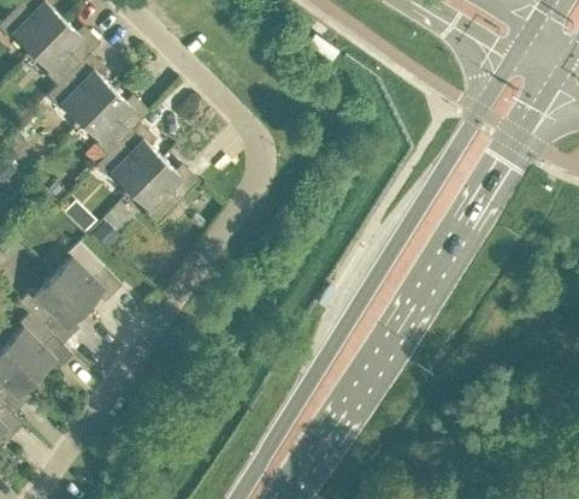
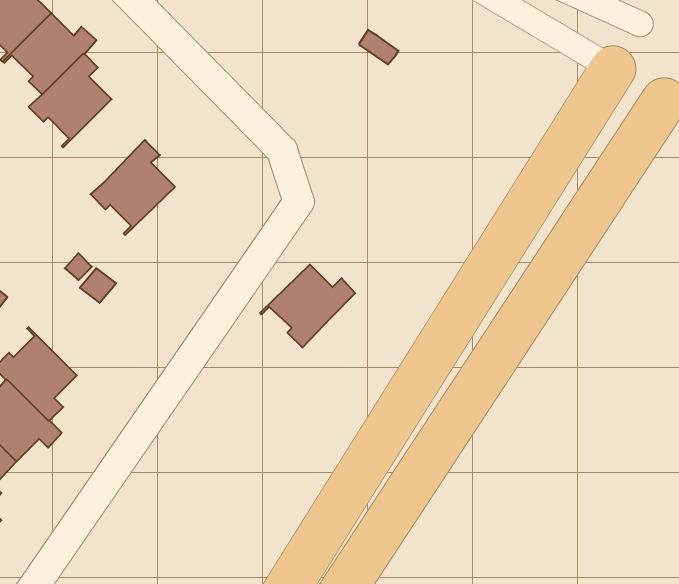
building: [73,90,149,156] -> none
building: [123,160,199,226] -> [260,265,355,348]
building: [46,243,122,310] -> none

